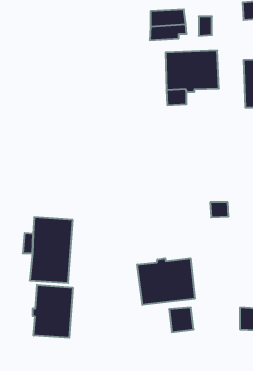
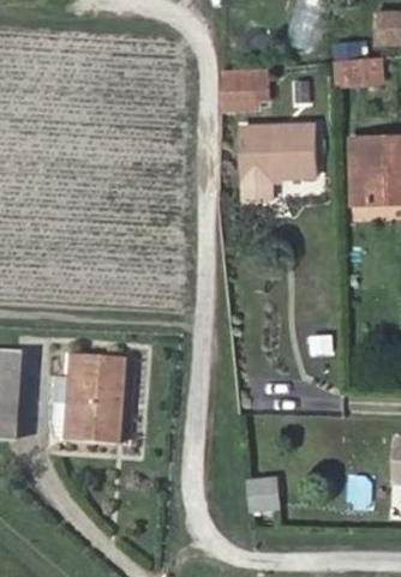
building: [137,258,195,305] -> none
building: [33,285,73,338] -> none

